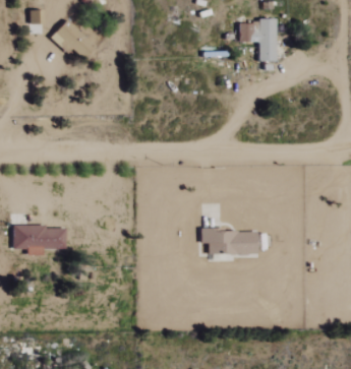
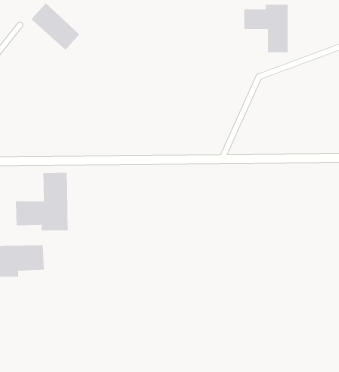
building: none -> [15,172,69,231]
building: [203,230,257,253] -> none

